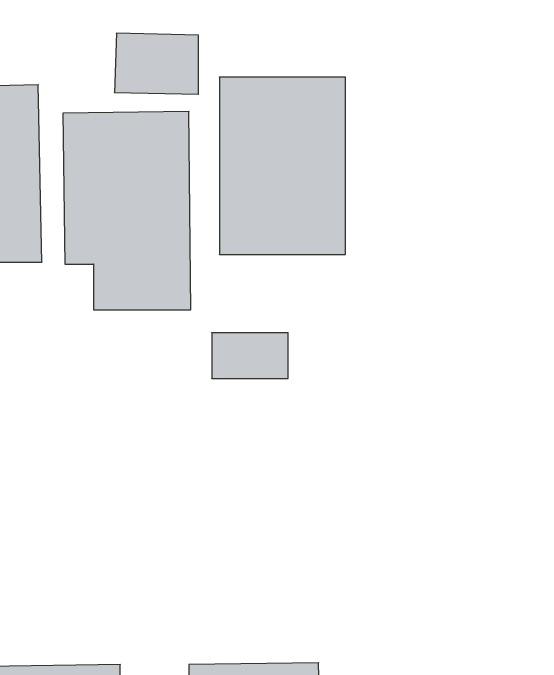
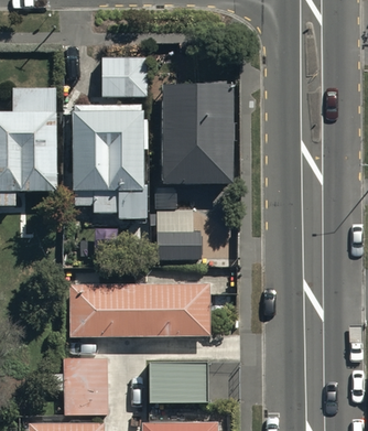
building: none -> [69,284,210,335]
building: none -> [65,355,109,416]
building: none -> [145,359,207,401]

